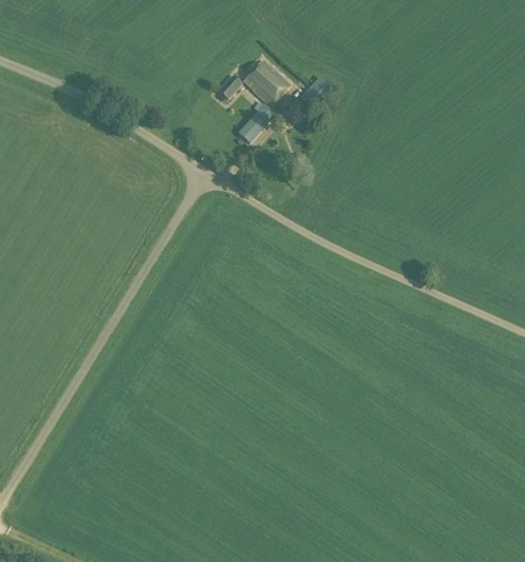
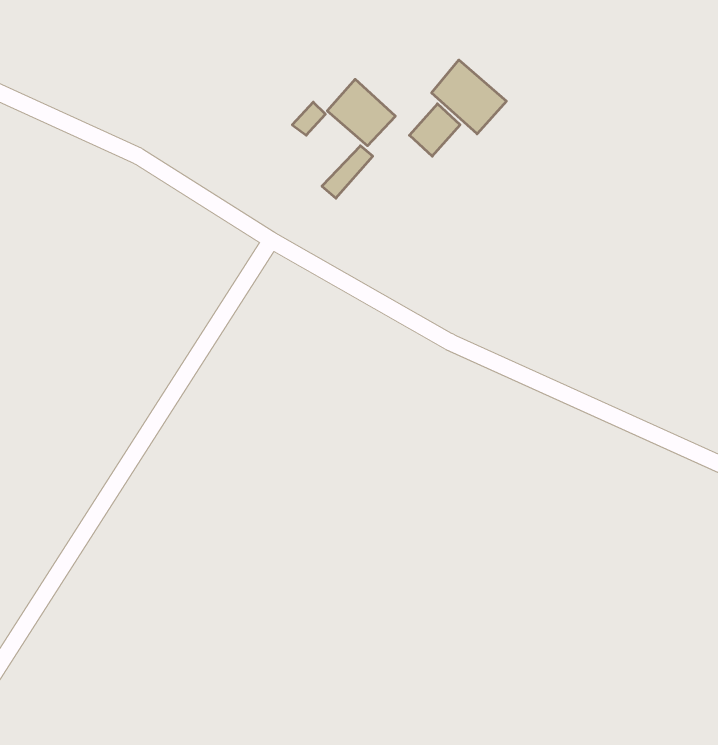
building: none -> [432,60,506,134]

